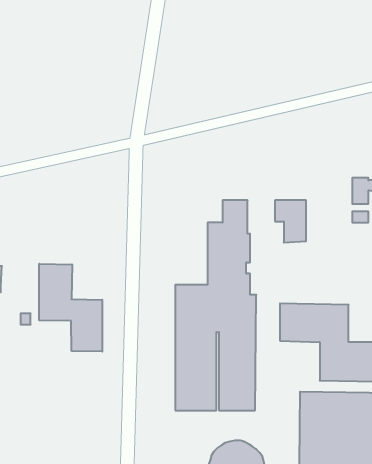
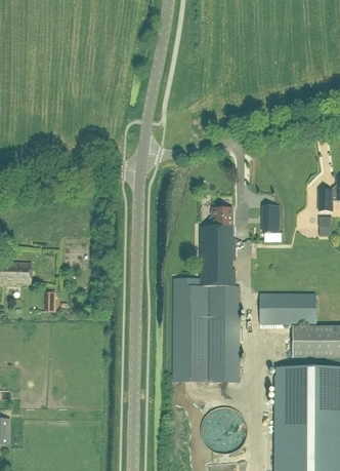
building: [39,264,102,352] -> none

